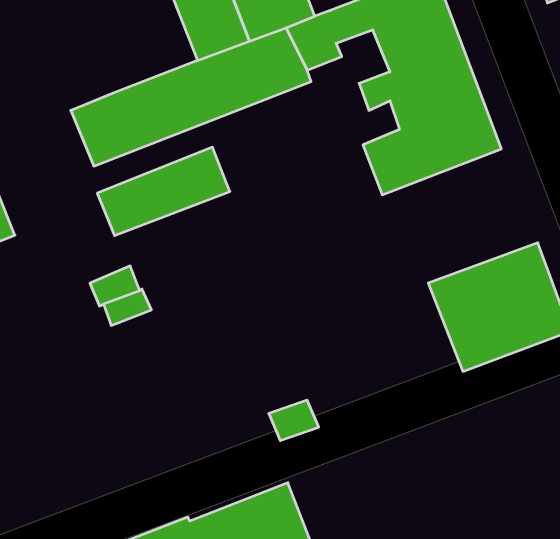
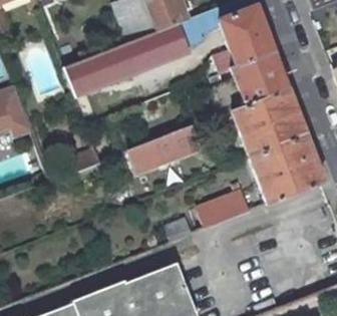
building: [97,147,230,236] -> [129,125,199,172]
building: none -> [215,87,307,157]
building: none -> [198,184,250,227]

